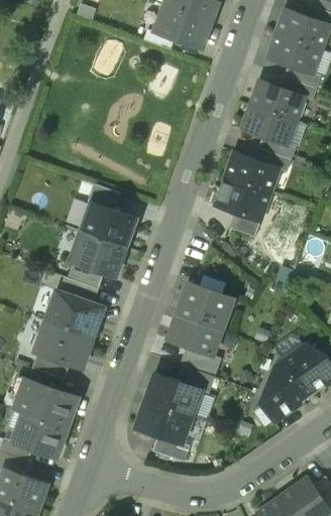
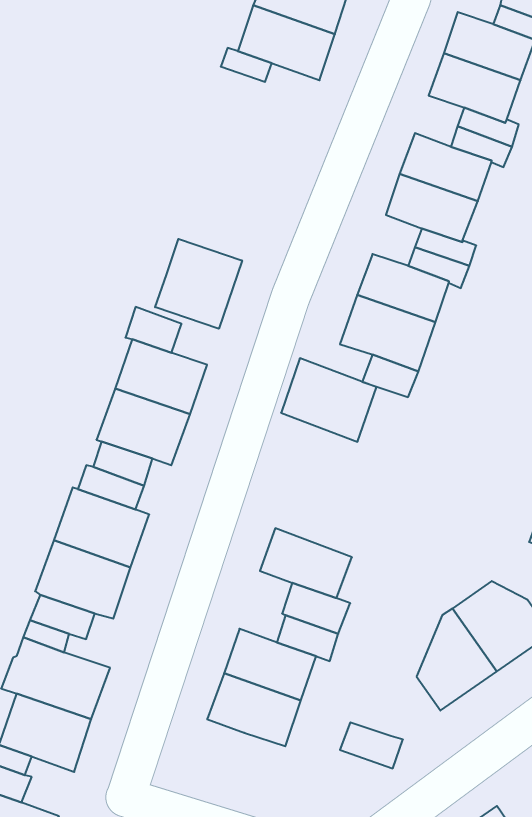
building: none -> [155,239,242,329]
building: [176,282,232,332] -> [281,358,376,442]
building: [151,435,189,463] -> [340,722,403,768]

